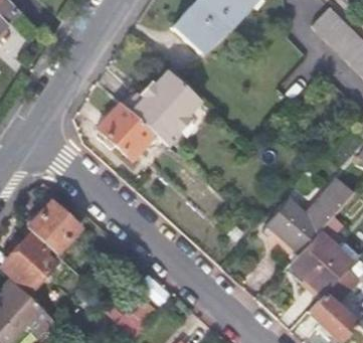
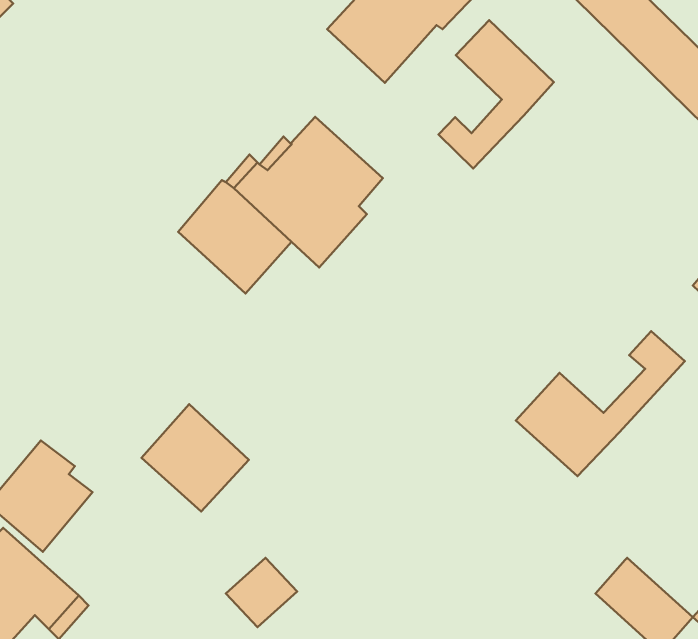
building: none -> [438,20,554,169]
building: [26,199,80,253] -> [142,404,249,511]
building: [290,230,354,295] -> none

